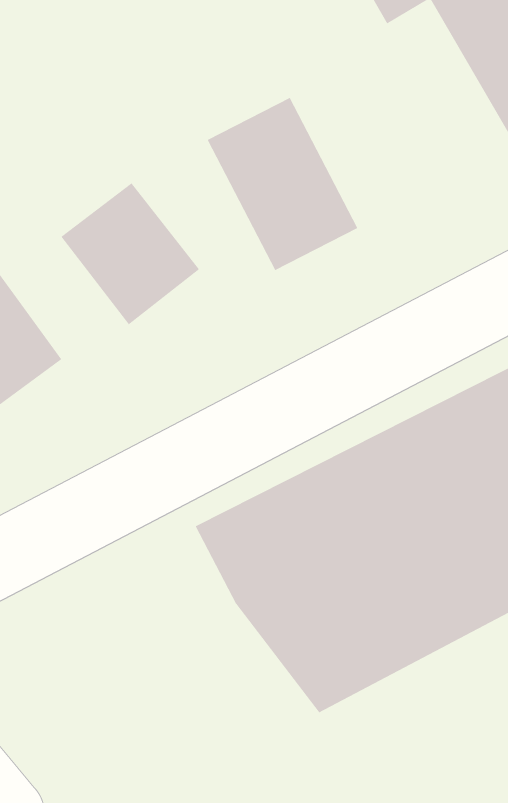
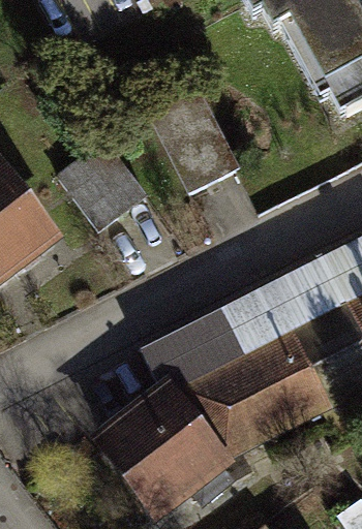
building: none -> [105,394,231,506]

